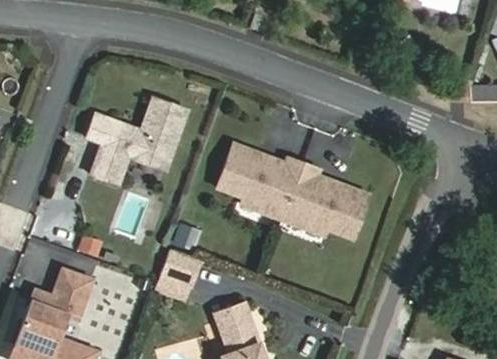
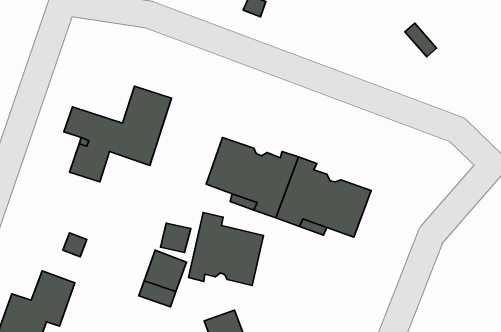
building: none -> [189,212,264,286]

